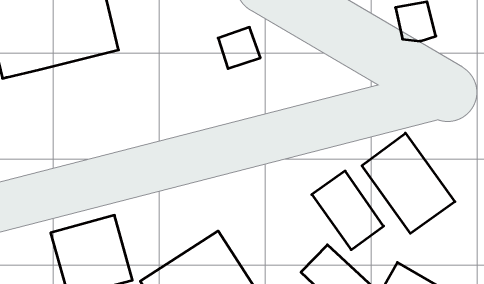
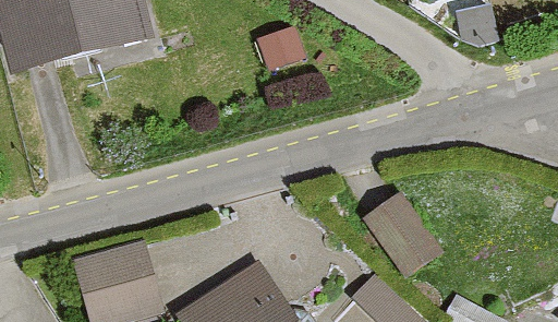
building: [362,133,455,233] -> none

